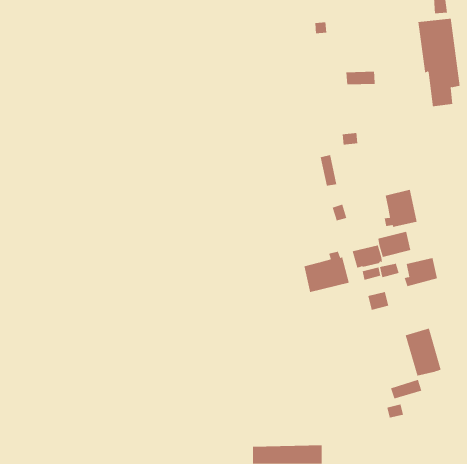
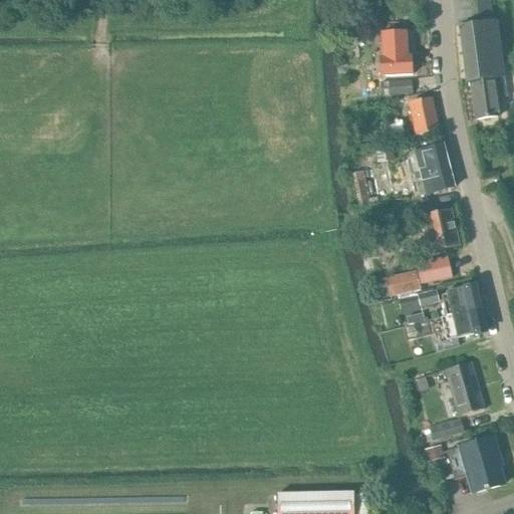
building: none -> [379,30,413,74]
building: none -> [409,96,438,135]
building: none -> [409,145,453,194]
building: [304,251,349,293] -> none
building: none -> [447,306,487,336]
building: none -> [447,436,504,492]

